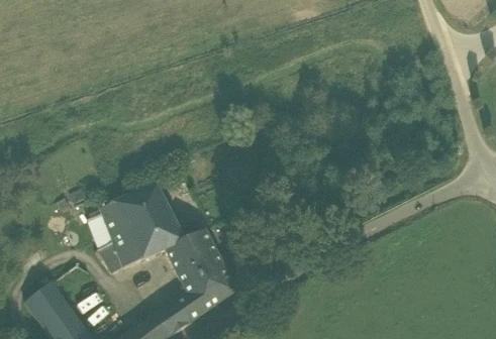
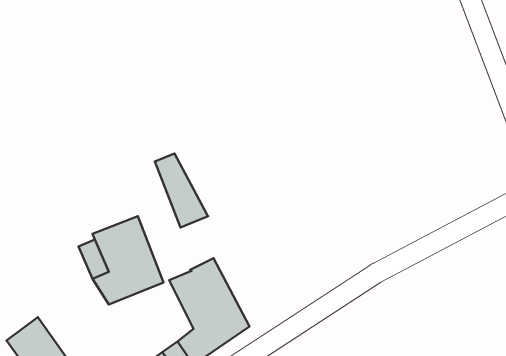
building: [139,187,186,251] -> [155,153,208,228]

